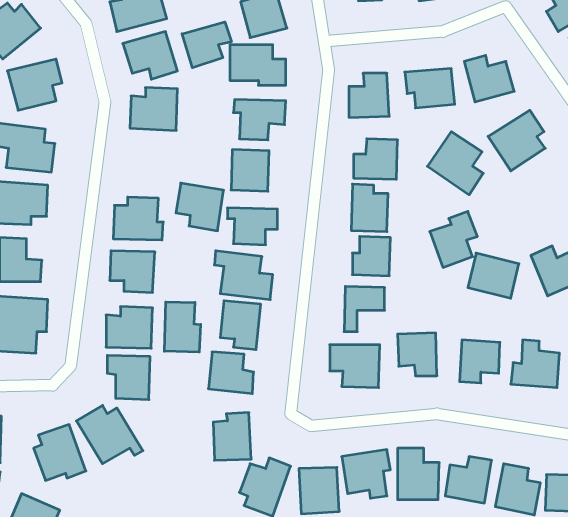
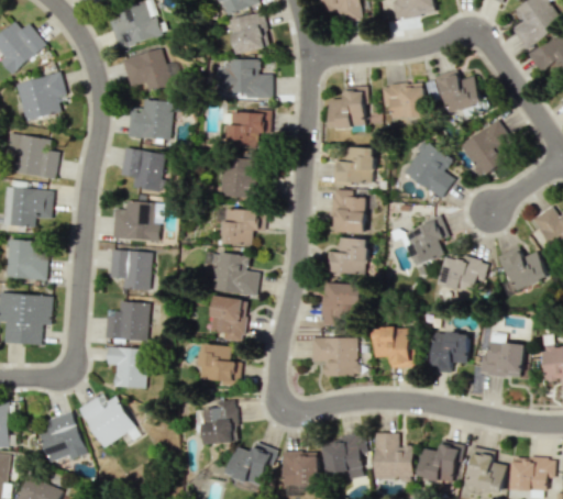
building: [182,22,231,68] -> none
building: [176,183,224,231] -> [120,147,164,191]
building: [164,302,201,352] -> none

